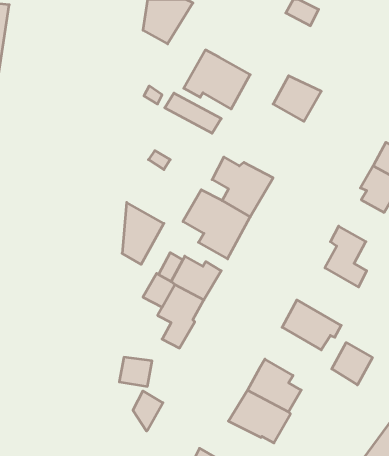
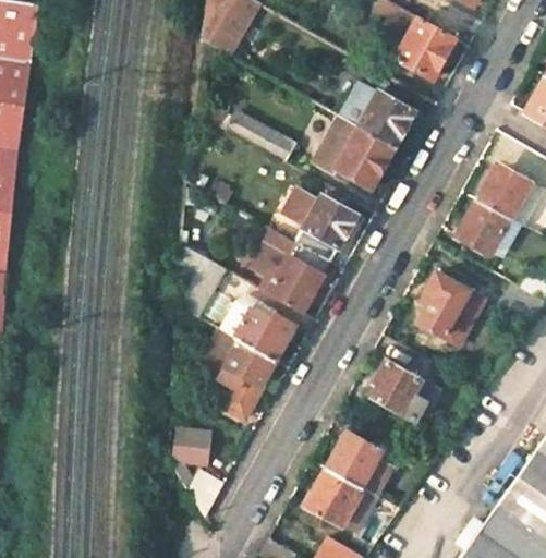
building: none -> [395,16,454,78]
building: [184,50,250,109] -> [314,117,393,187]
building: [332,343,372,385] -> none

